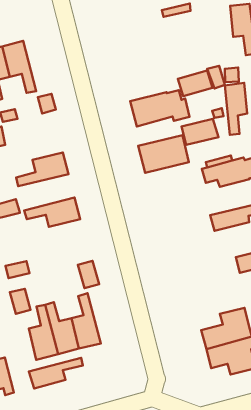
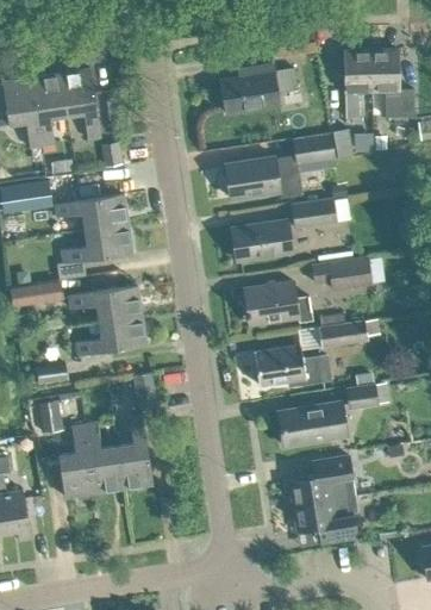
building: none -> [220,66,298,114]
building: [225,83,247,135] -> [344,50,370,118]
building: none -> [55,194,127,230]
building: none -> [243,281,312,324]
building: none -> [75,316,145,355]
building: none -> [252,344,332,387]
building: none -> [277,402,345,446]
building: [29,358,83,388] -> none

